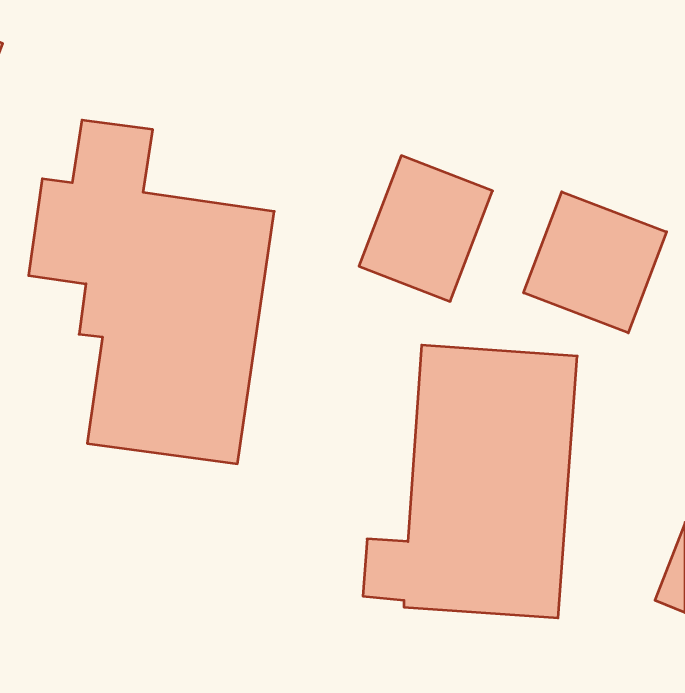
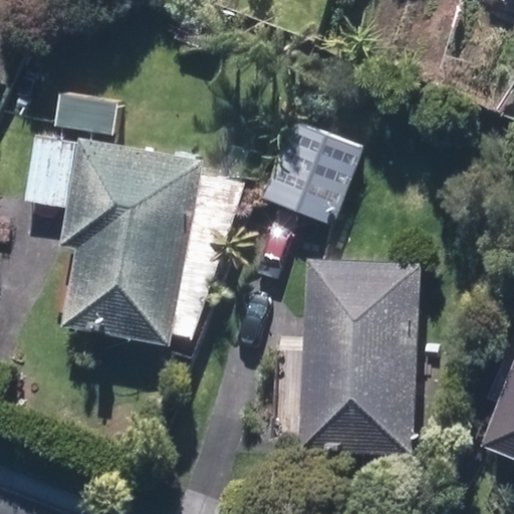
building: [524,192,667,333] -> none

